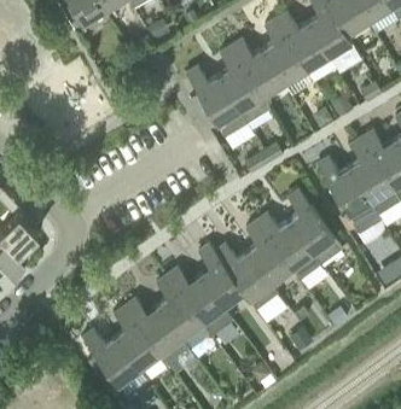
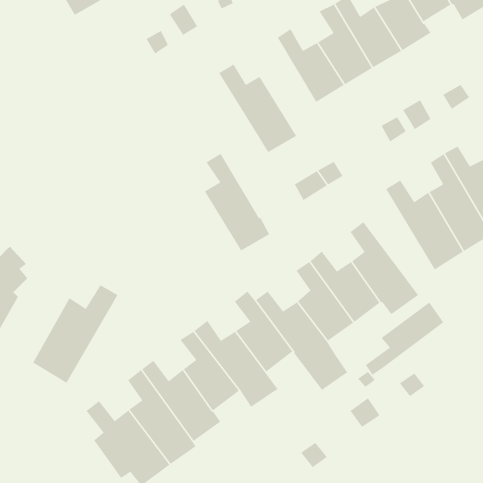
building: [219,46,271,123] -> [204,153,270,252]
building: none -> [32,284,118,384]
building: none -> [365,301,445,376]

